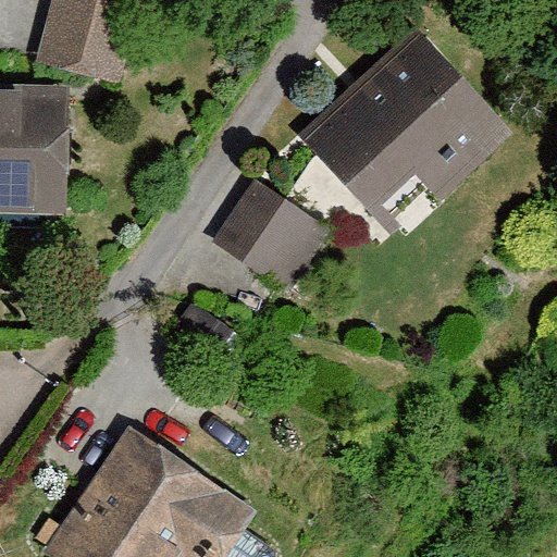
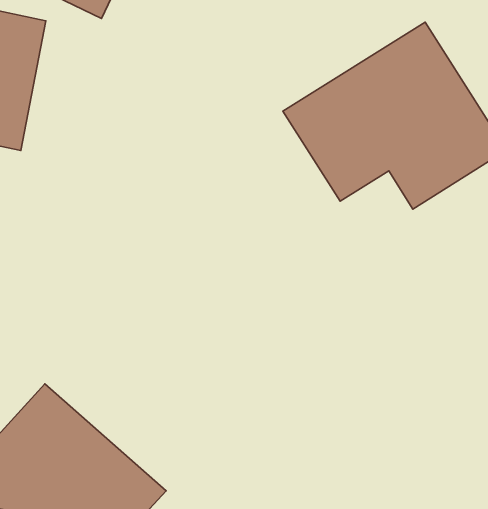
building: [214,186,321,287] -> none

